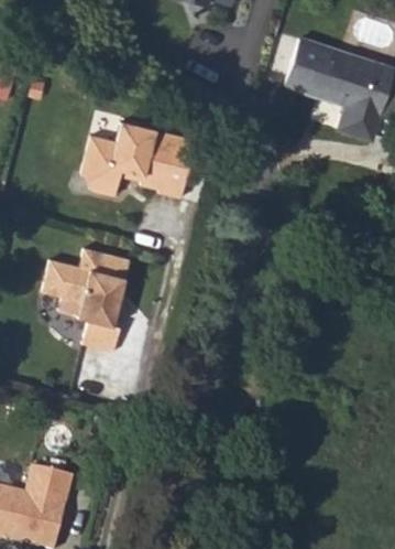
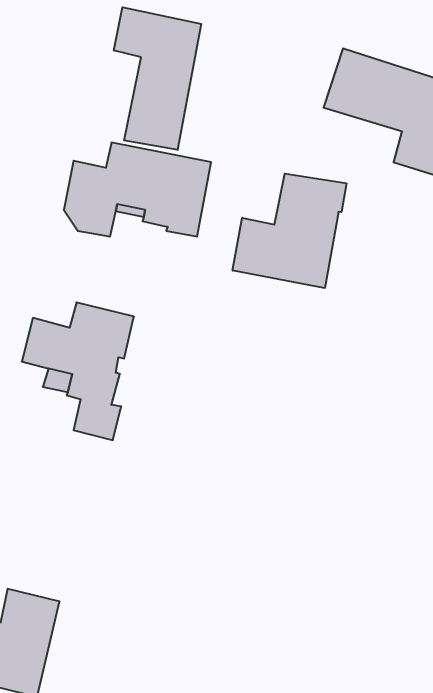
building: none -> [114,7,201,150]
building: none -> [233,174,346,288]

